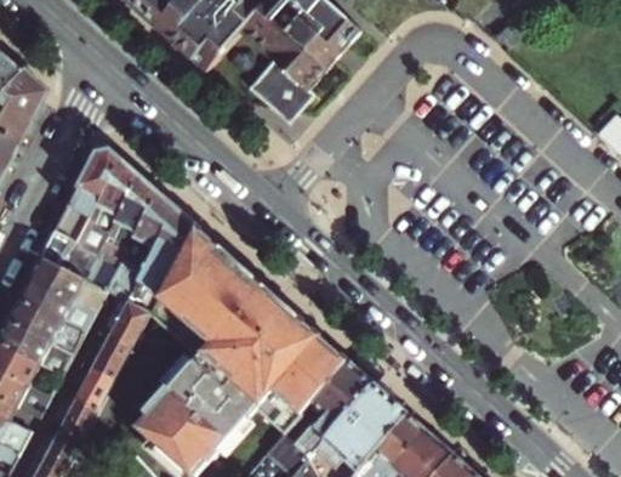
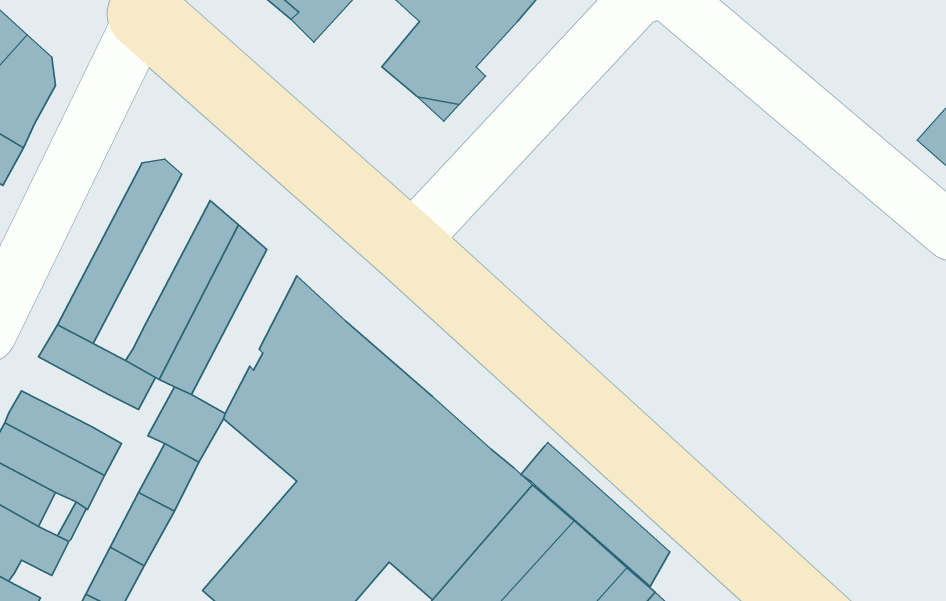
building: [64,158,139,278] -> none
building: [127,206,195,312] -> none
building: [18,276,93,331] -> none
building: none -> [521,442,670,587]

